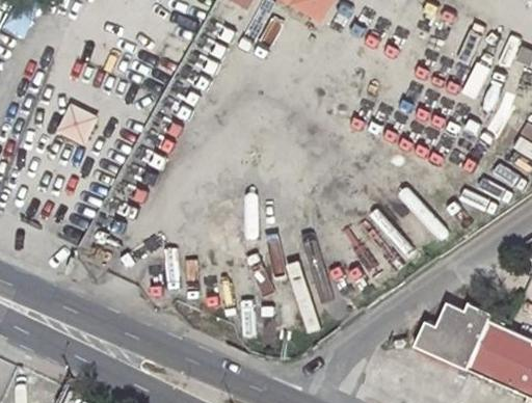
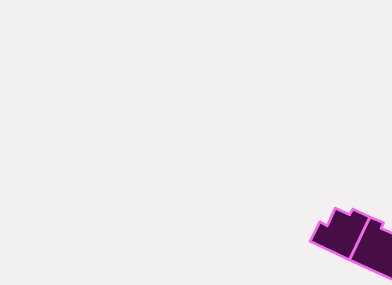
building: [54,103,97,146] -> none

